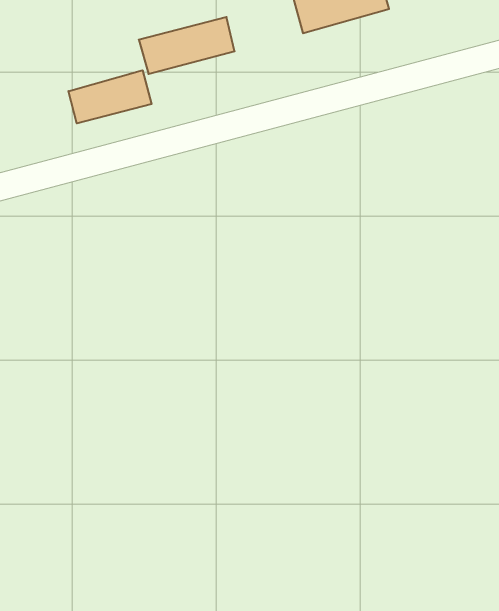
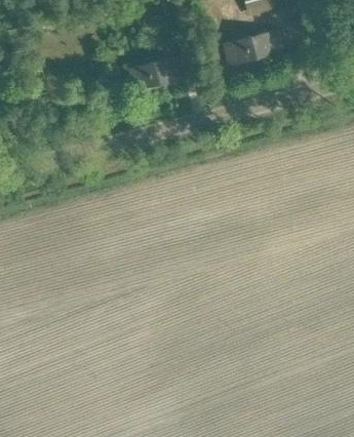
building: [68,70,152,123] -> none

